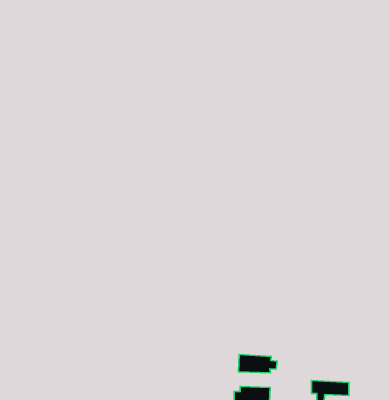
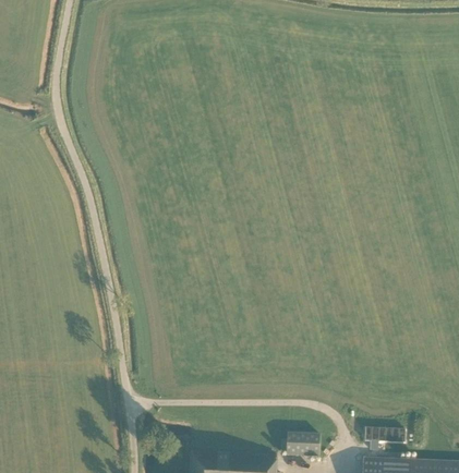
building: [238,354,277,373] -> none

